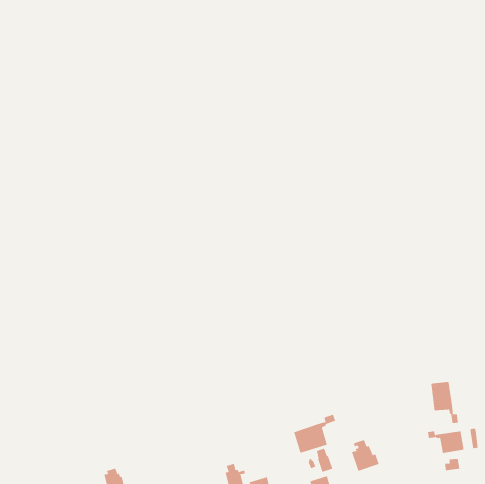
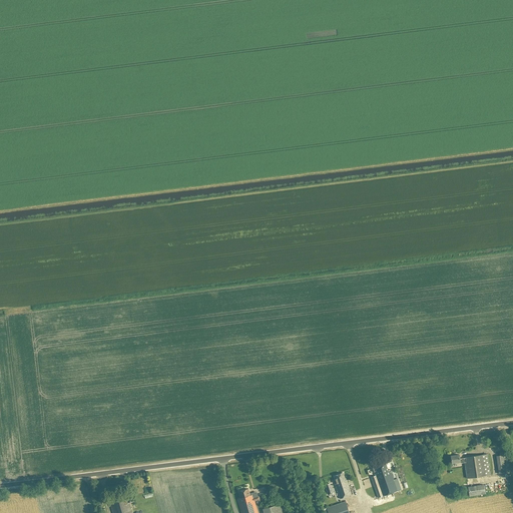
building: [431,381,459,424] -> none
building: [294,414,336,453] -> none

